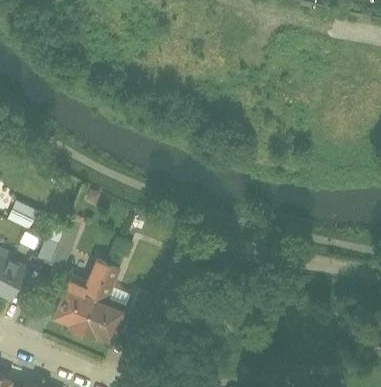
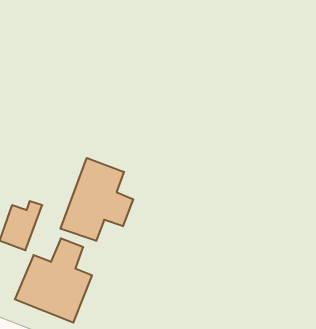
building: none -> [61,158,133,241]

